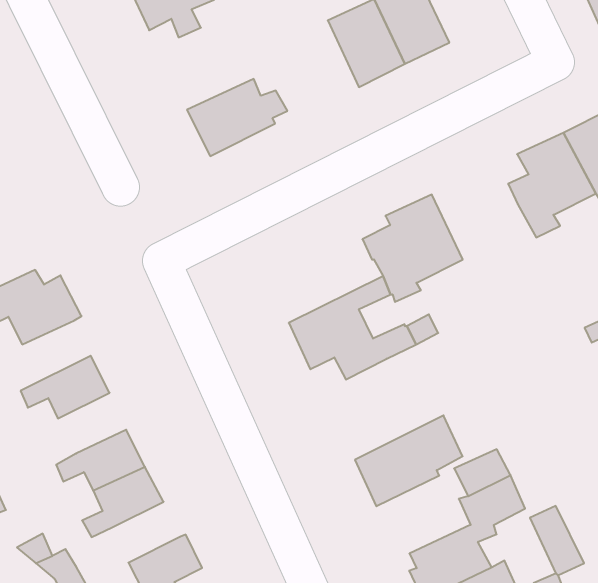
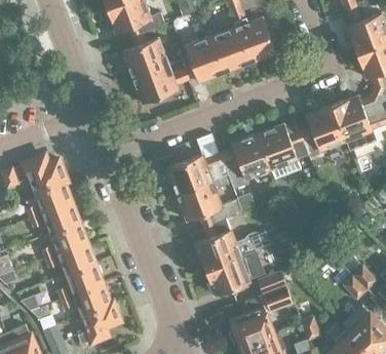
building: none -> [123,29,169,76]
building: none -> [181,35,225,81]
building: none -> [259,123,304,178]
building: none -> [166,153,229,194]
building: none -> [27,183,70,218]
building: none -> [195,218,271,270]
building: none -> [42,223,85,259]
building: none -> [62,283,109,314]

